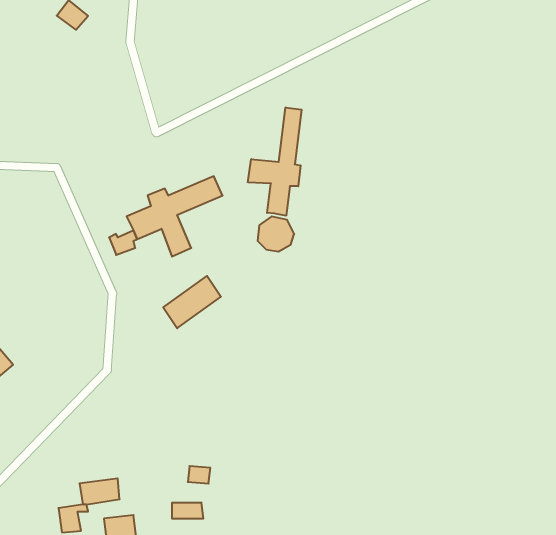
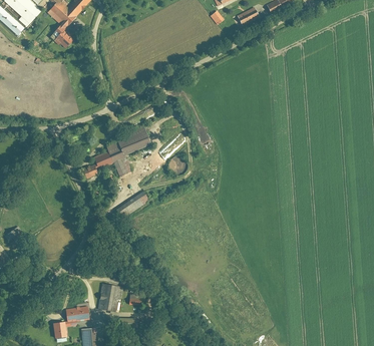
building: [248,107,302,216] -> none
building: none -> [97,286,119,312]

